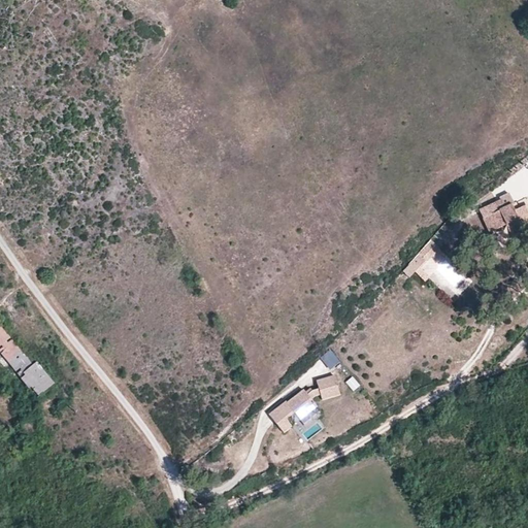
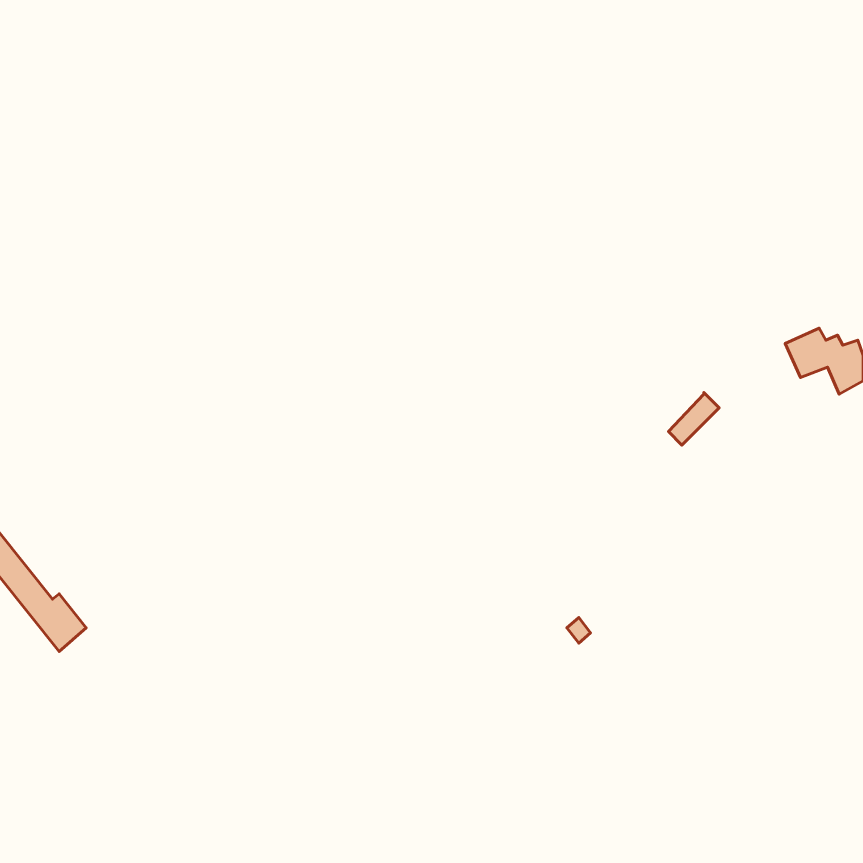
building: [269,374,340,431] -> none

